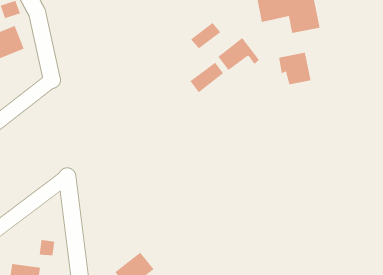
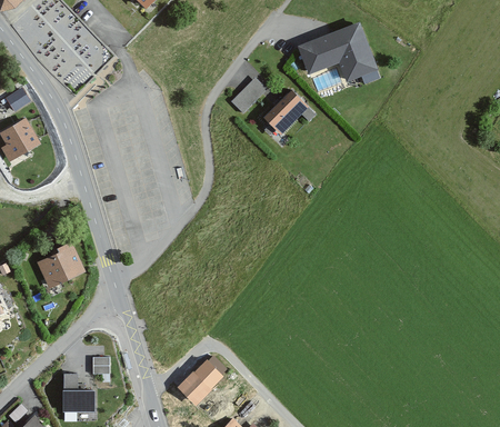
building: [279,52,311,85] -> none
building: [190,62,224,93] -> none
building: none -> [34,240,86,289]

